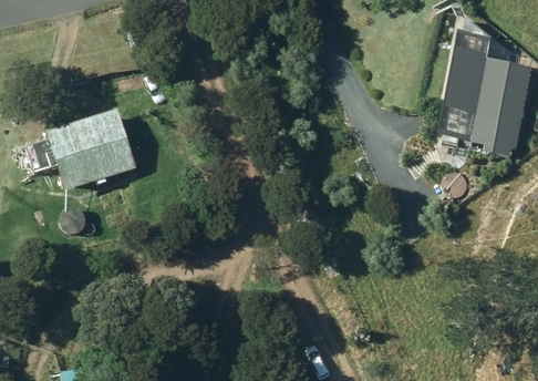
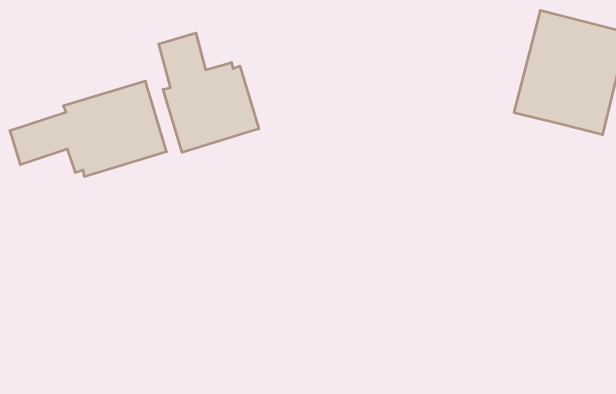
building: none -> [159,33,259,152]

